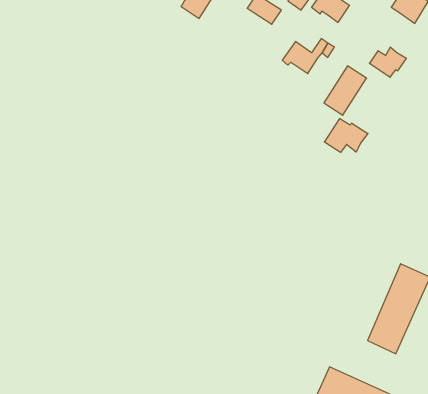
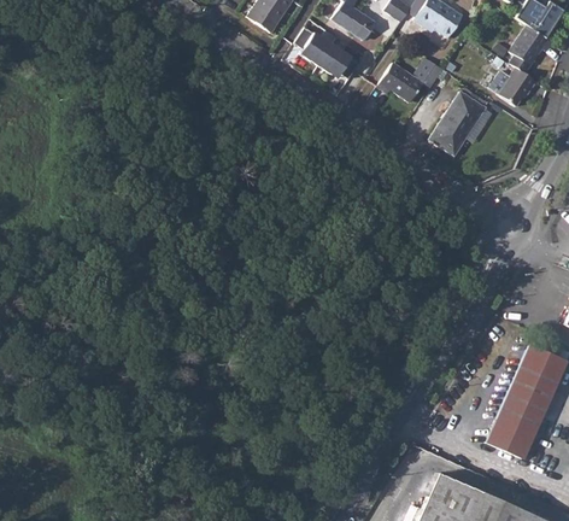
building: none -> [510,24,552,75]
building: none -> [295,25,362,78]
building: [324,119,368,152] -> none

